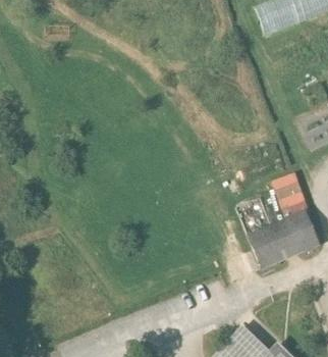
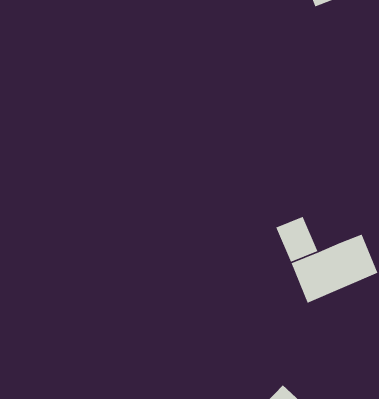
building: [273,172,310,218] -> none

